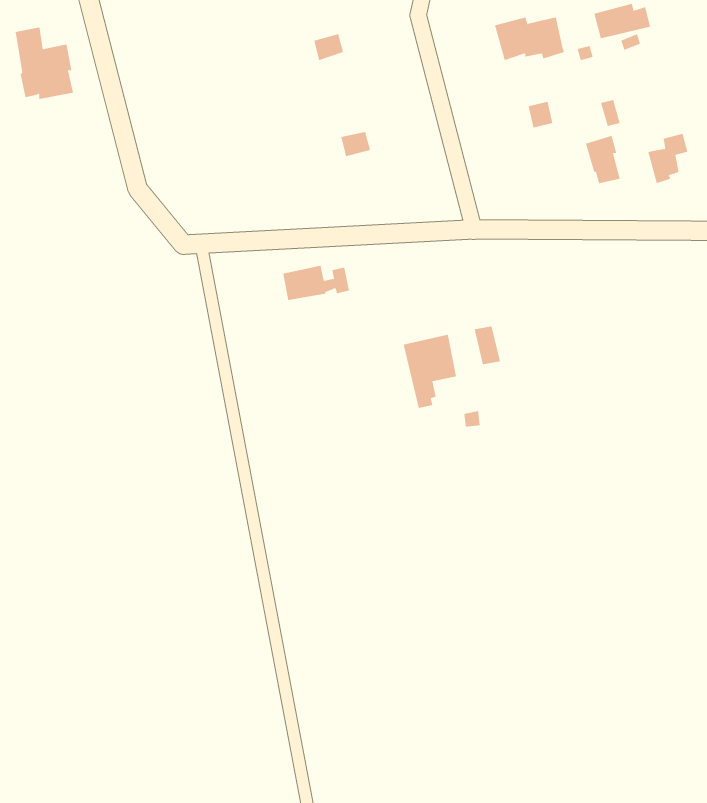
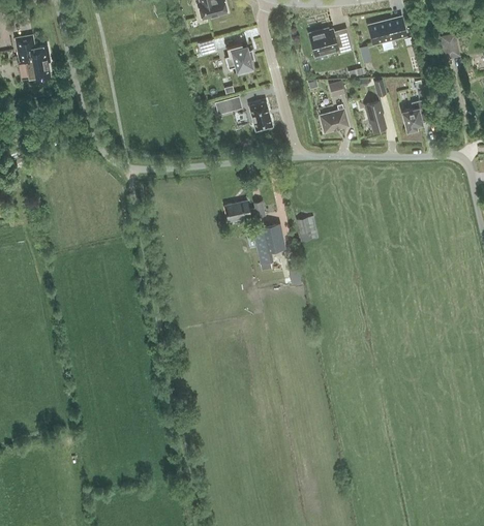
building: none -> [224,42,254,72]
building: none -> [248,100,273,130]
building: none -> [320,103,349,131]
building: [282,265,350,301] -> [223,199,265,221]

